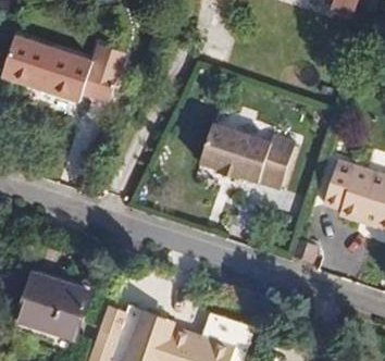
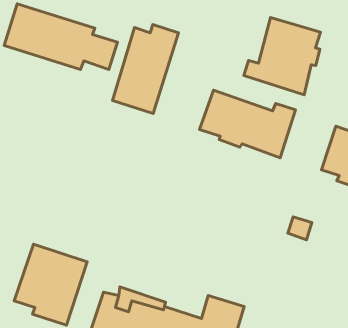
building: none -> [244,18,321,95]
building: none -> [112,24,179,114]

